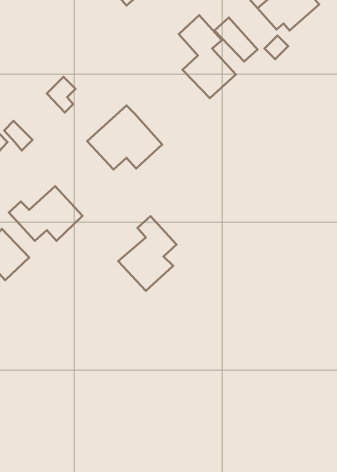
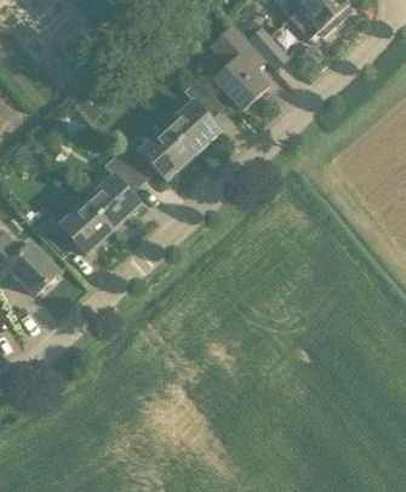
building: none -> [166,81,224,158]
building: [118,216,177,291] -> [85,154,144,230]

